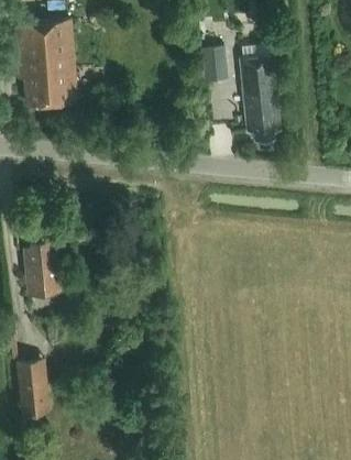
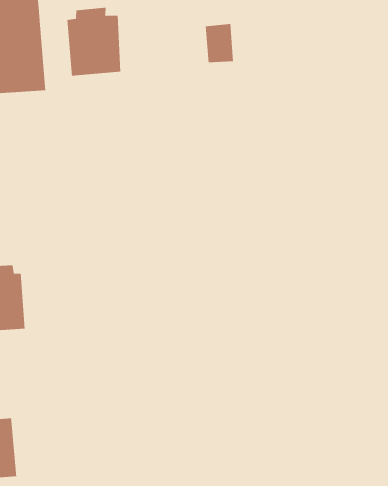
building: none -> [67,7,121,76]
building: [240,56,281,141] -> none

